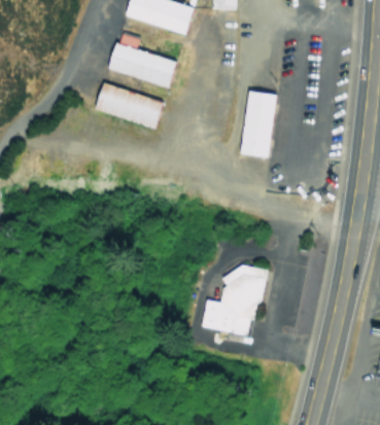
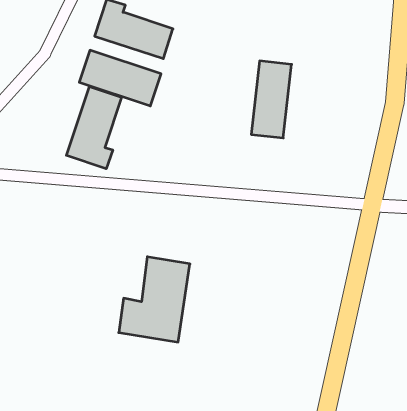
building: none -> [66,86,121,169]
building: [205,261,267,335] -> [119,257,190,342]

